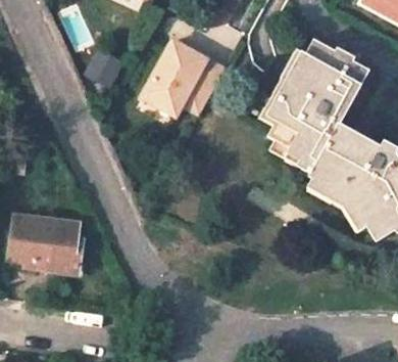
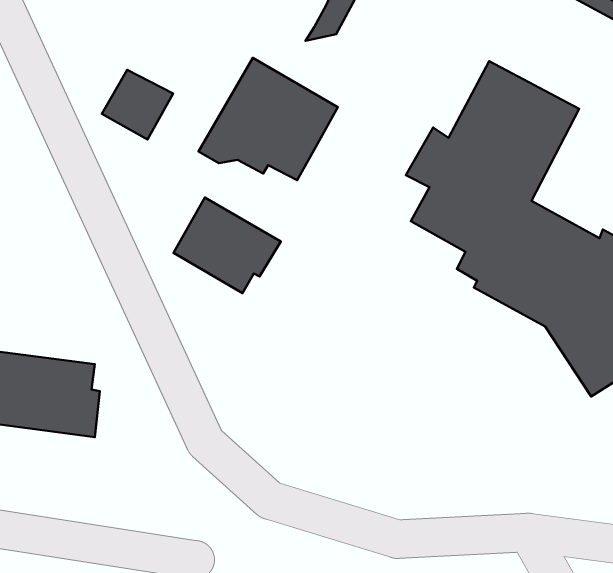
building: none -> [173,197,281,293]

